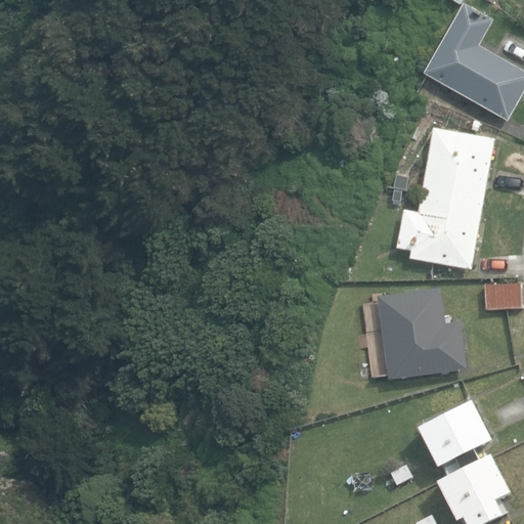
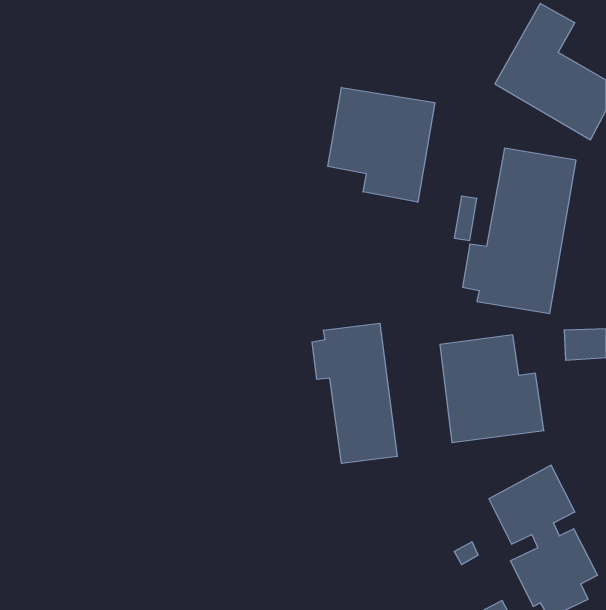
building: none -> [328,87,435,202]
building: none -> [312,323,397,464]

